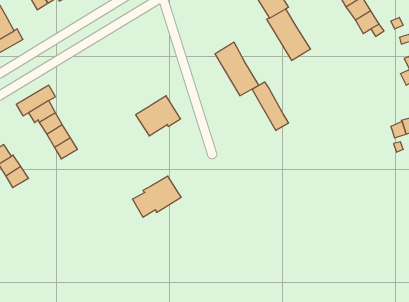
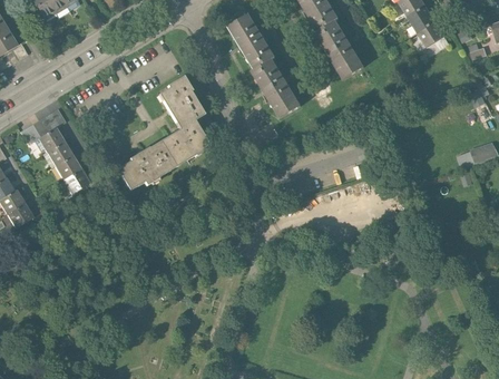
building: none -> [228,13,276,69]
building: none -> [159,74,205,128]
building: [252,82,288,131] -> none
building: [132,176,181,217] -> [118,142,175,190]

